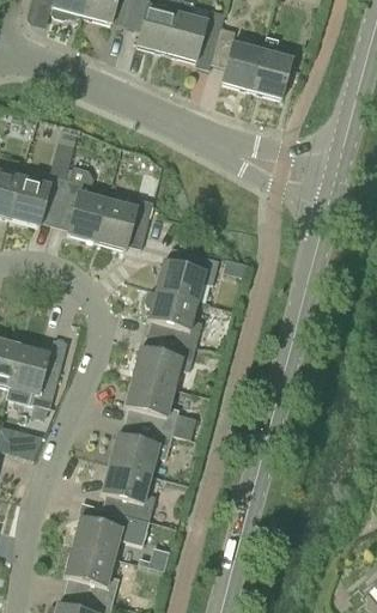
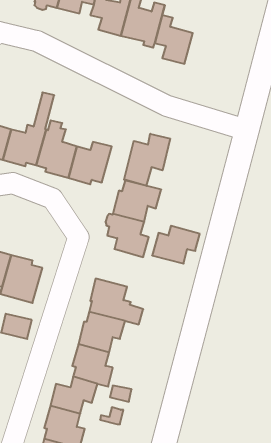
building: [250,35,291,98] -> none
building: none -> [124,134,170,186]
building: [132,336,195,387] -> [152,226,200,264]

